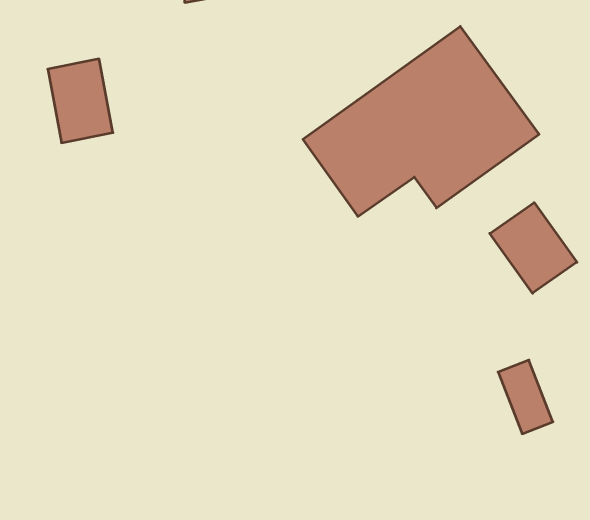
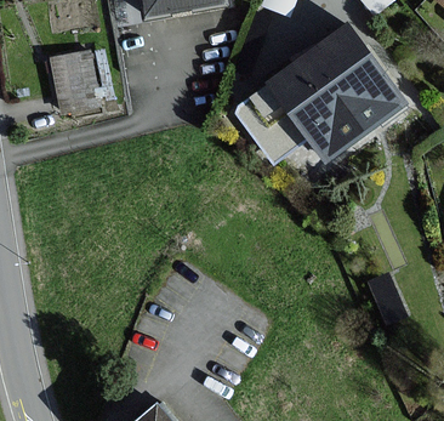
building: [490,203,577,293] -> none

